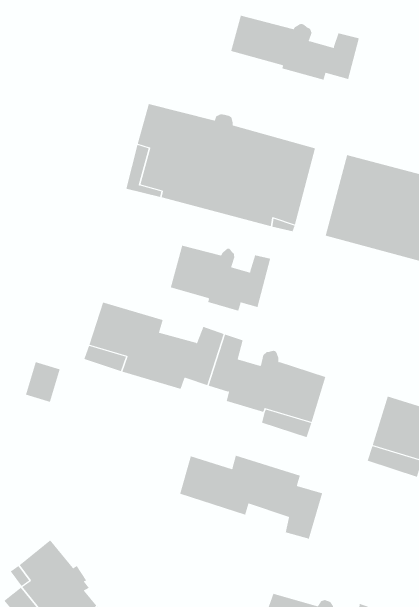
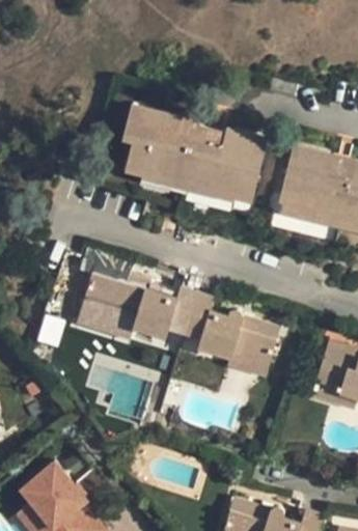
building: [230,15,360,81] -> none
building: [170,245,271,311] -> none
building: [179,455,323,539] -> none

